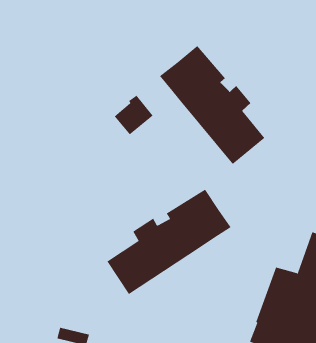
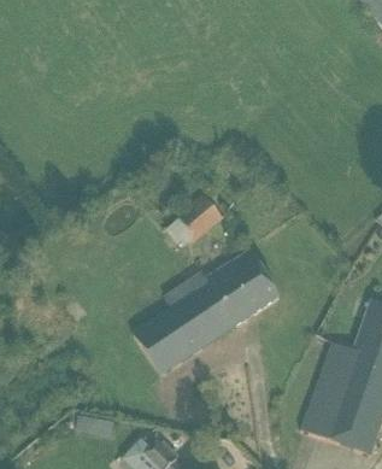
building: [159,45,265,165] -> none
building: [114,95,154,135] -> [178,192,224,239]

